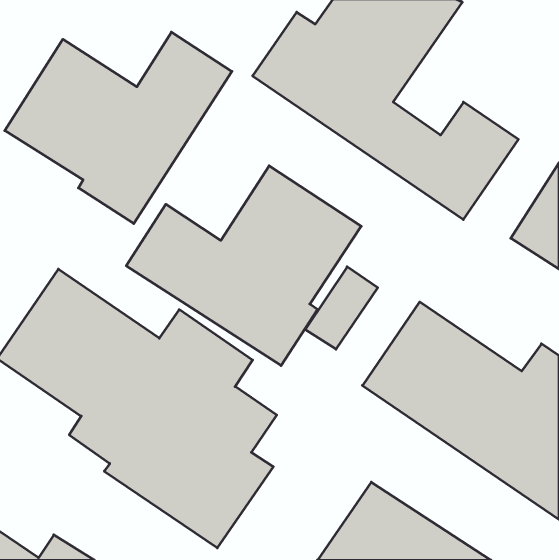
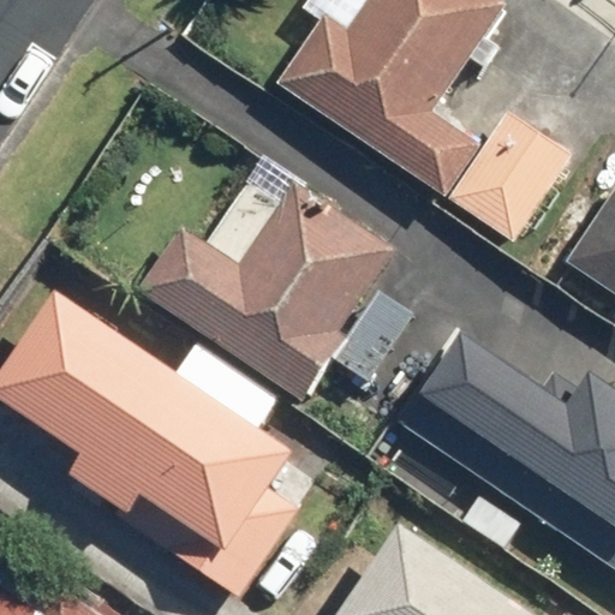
building: [5,32,232,224] -> none

